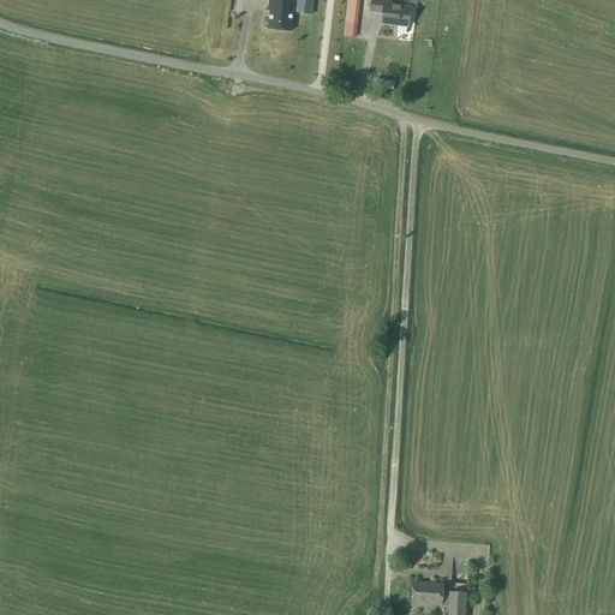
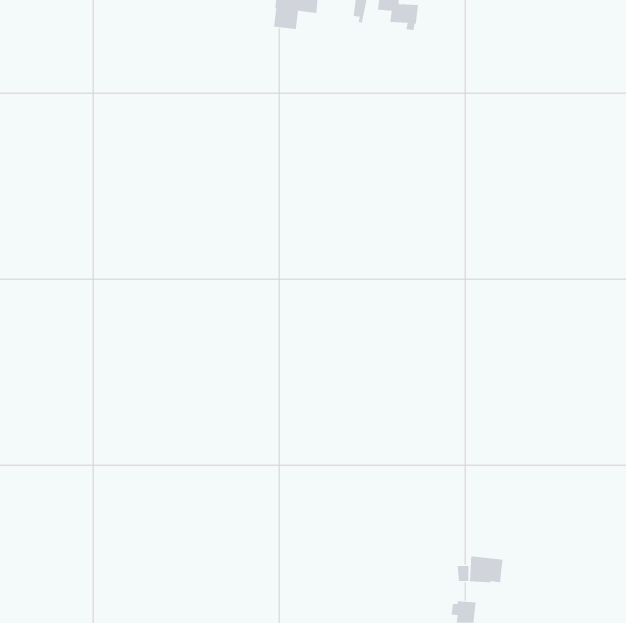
building: [411,579,444,605] -> [469,556,503,583]

